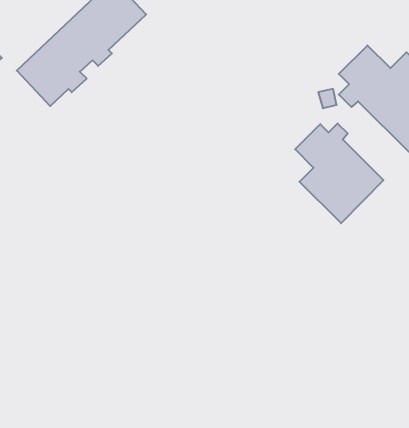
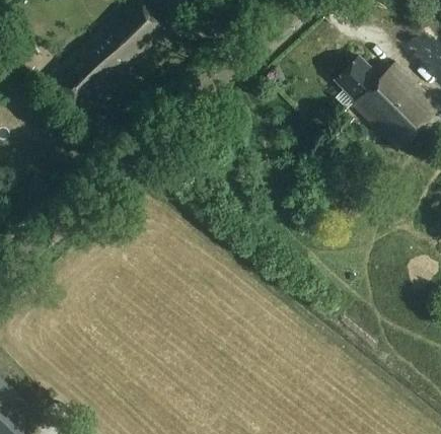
building: [295,123,383,223] -> none

